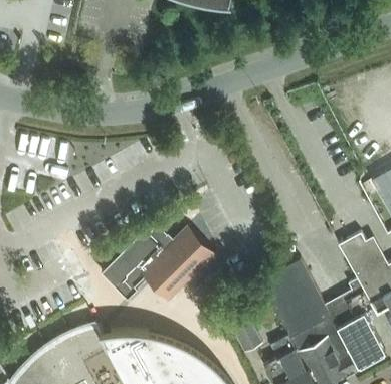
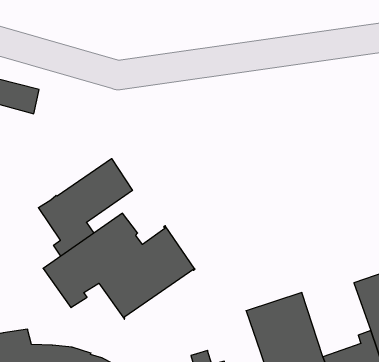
building: none -> [38,159,132,256]

